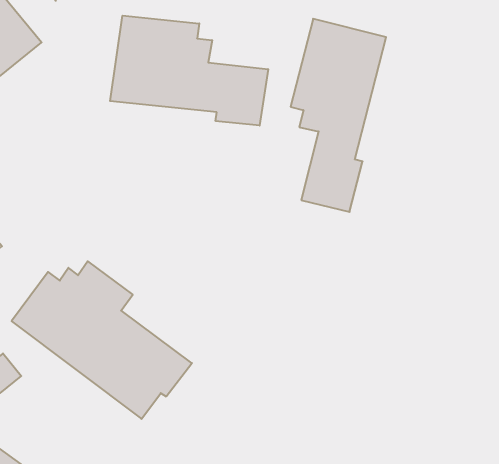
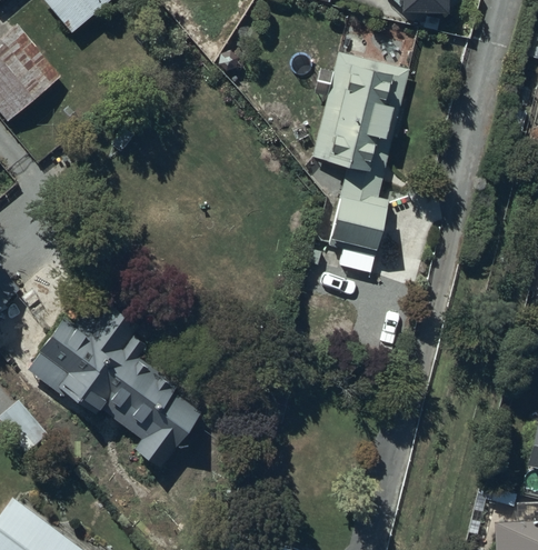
building: [110,16,268,126] -> none

